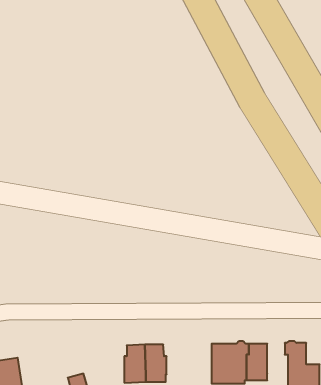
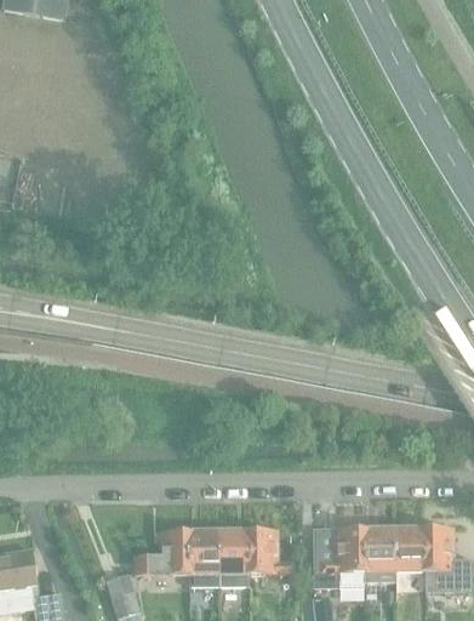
building: none -> [244,525,293,572]
building: none -> [133,526,190,575]
building: none -> [395,526,426,571]

